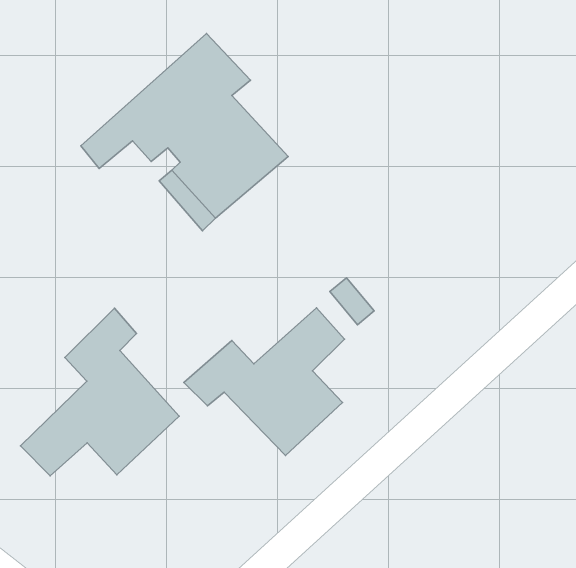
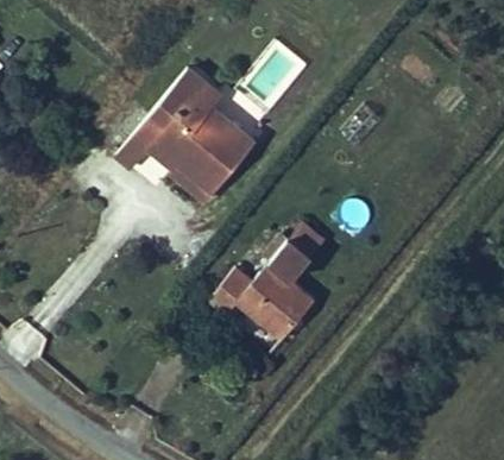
building: [21,308,179,476] -> none

